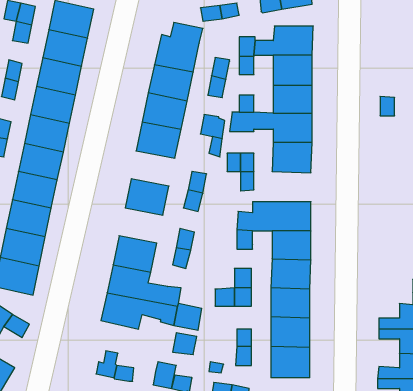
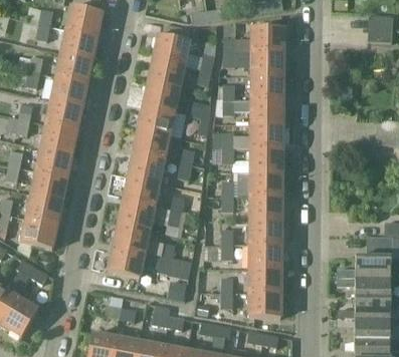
building: none -> [133,130,169,159]
building: none -> [249,147,281,172]
building: none -> [123,177,159,207]

